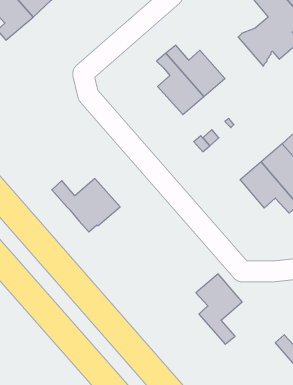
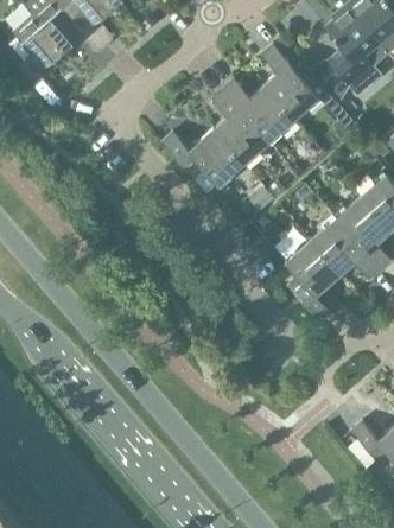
building: none -> [261,47,337,121]
building: [52,179,120,232] -> [161,131,242,193]
building: [196,274,242,344] -> [284,241,338,324]

